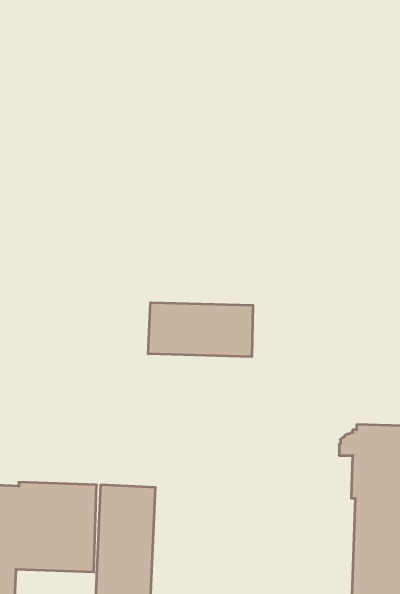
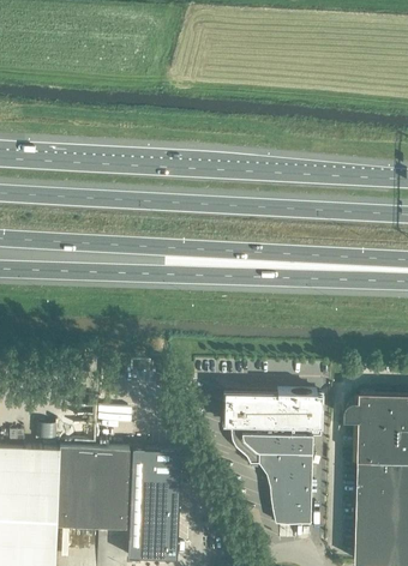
building: [148,303,253,357] -> none
building: none -> [223,392,322,525]

